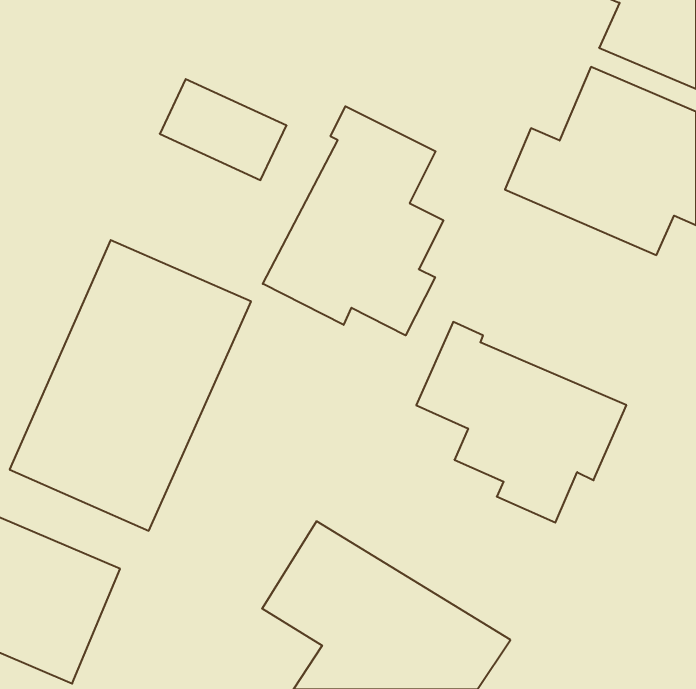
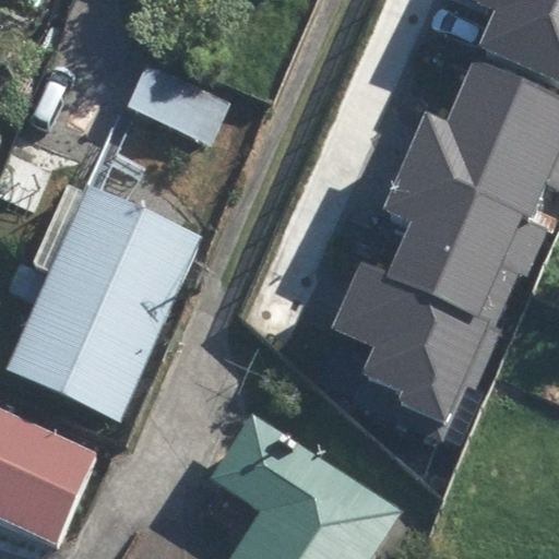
building: [263,106,443,335] -> none
building: none -> [382,152,547,324]

